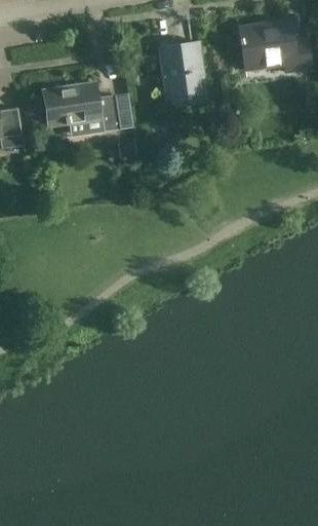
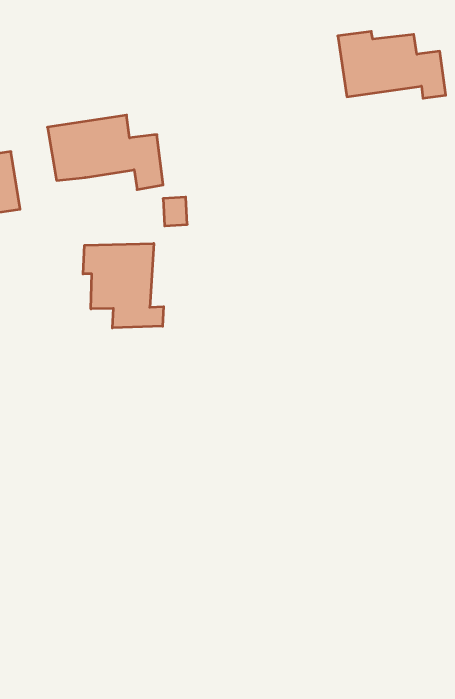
building: [158,42,206,100] -> none
building: none -> [83,243,164,328]

